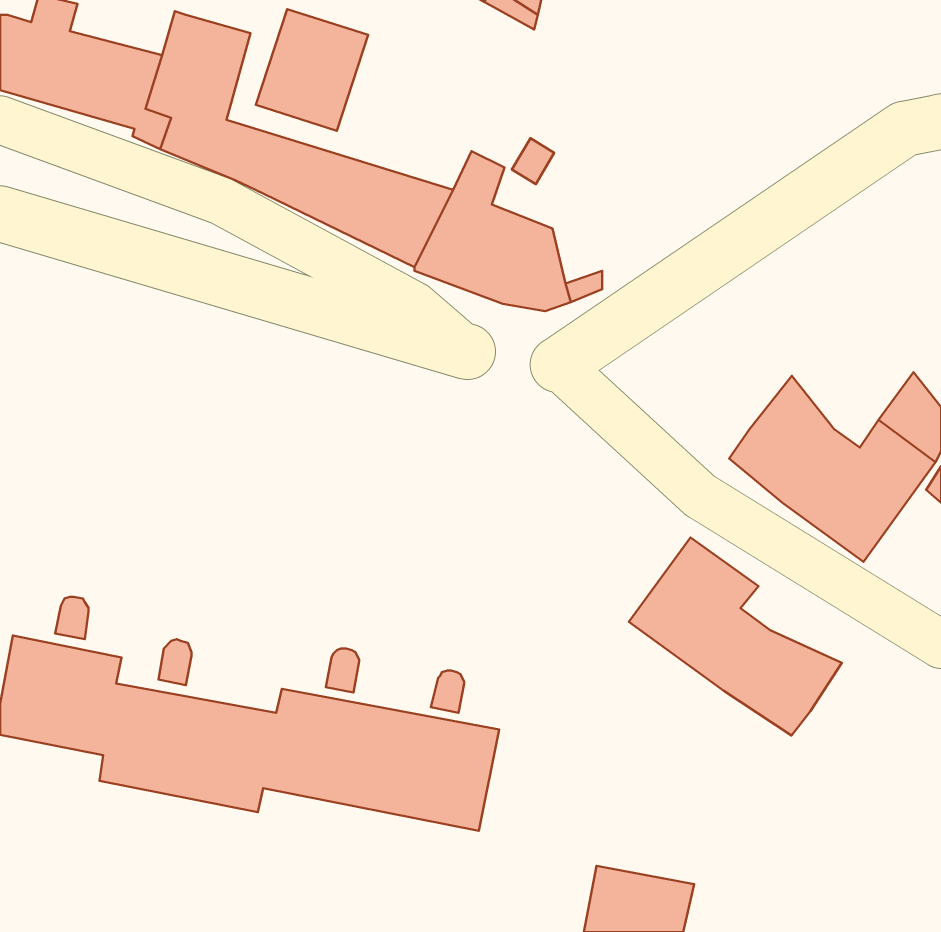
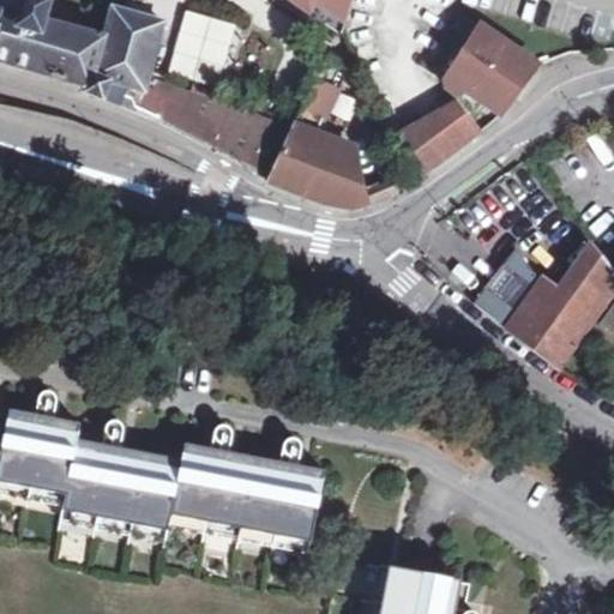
building: none -> [441,18,538,110]
building: none -> [402,100,482,168]
building: [629,538,842,736] -> none

